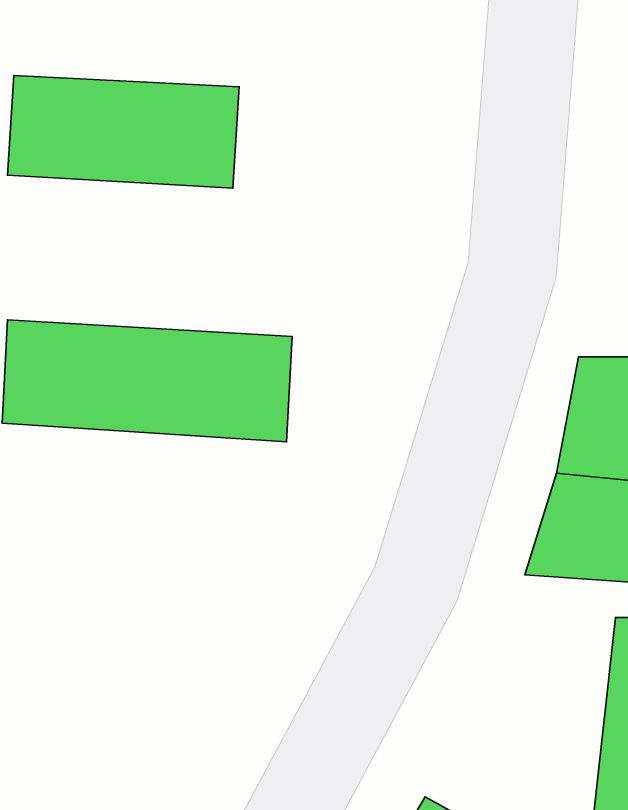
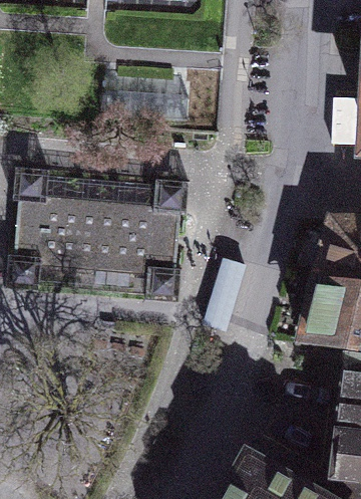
building: [8,76,239,188] -> none

